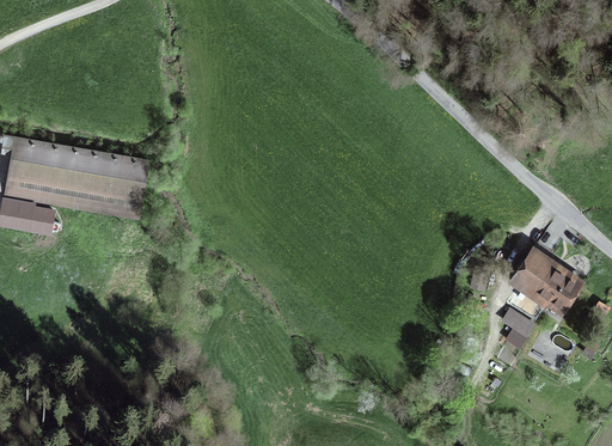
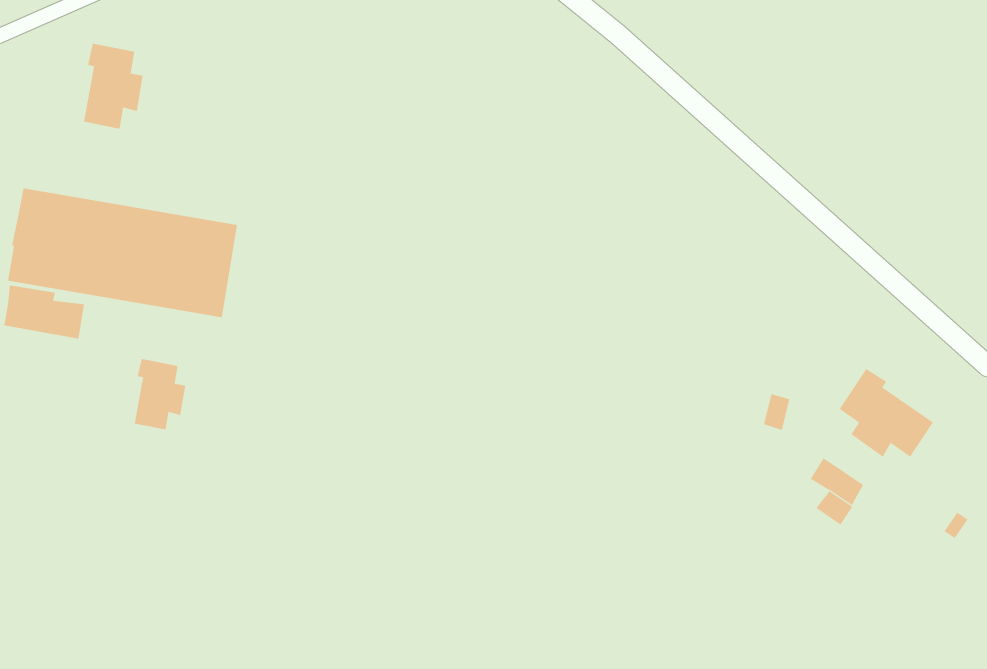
building: none -> [84,43,143,129]
building: none -> [134,358,186,430]

